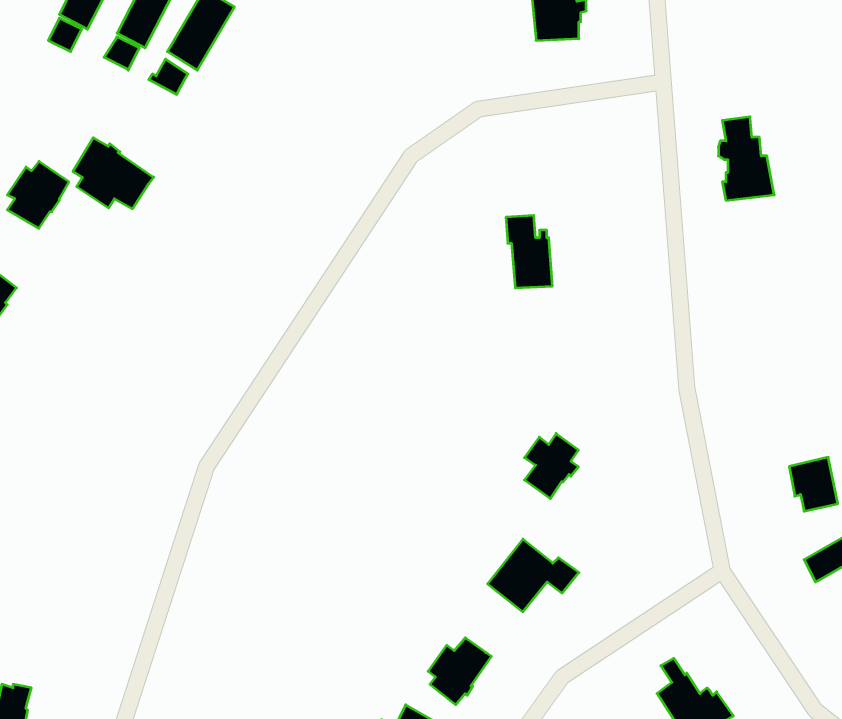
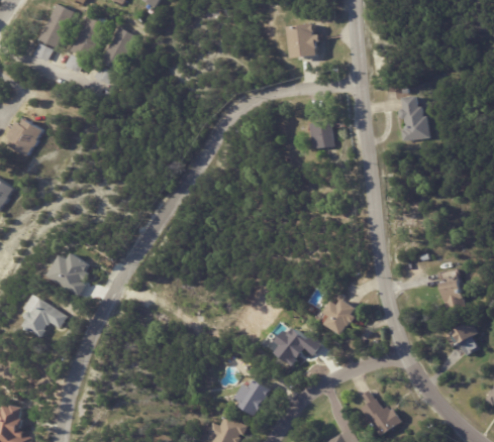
building: [73,138,154,209] -> none
building: [506,215,552,288] -> [309,107,334,146]
building: none -> [43,252,87,295]
building: [524,433,578,499] -> [326,299,356,334]
building: none -> [21,294,66,337]

